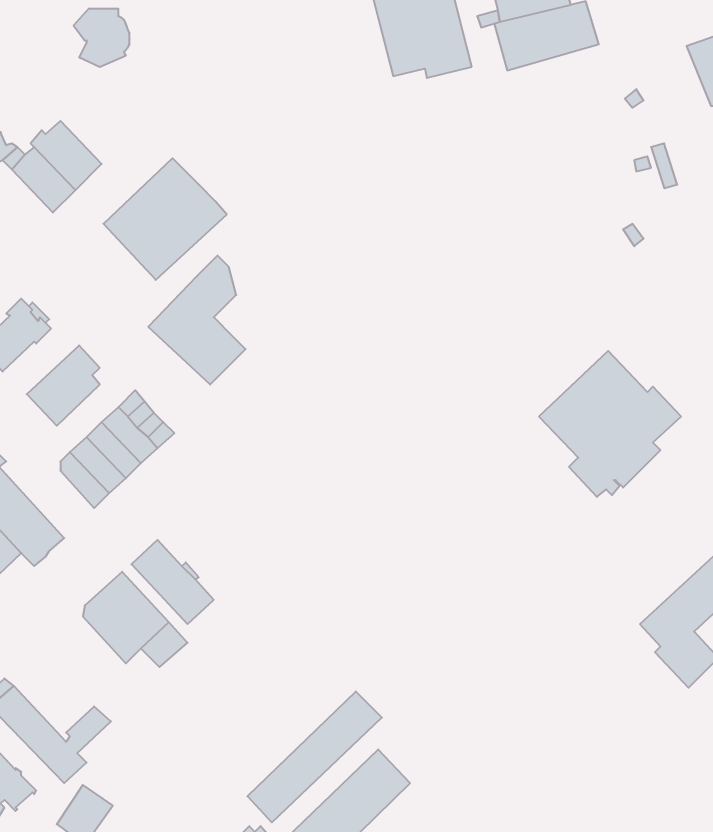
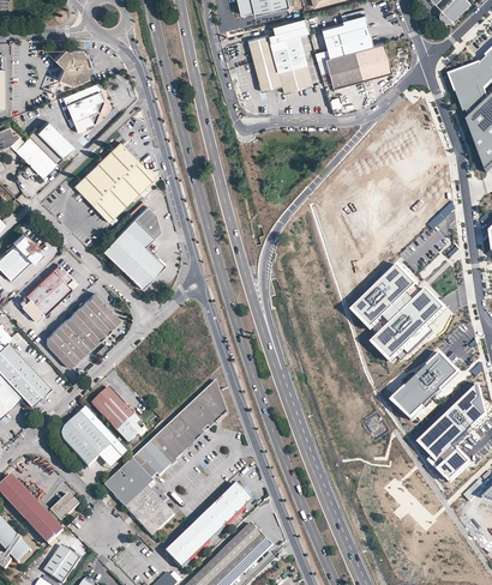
building: none -> [61,84,102,133]
building: none -> [391,355,457,418]
building: none -> [102,382,227,537]

